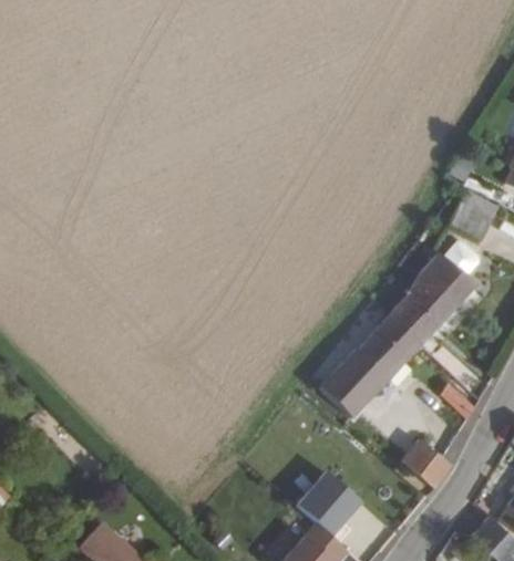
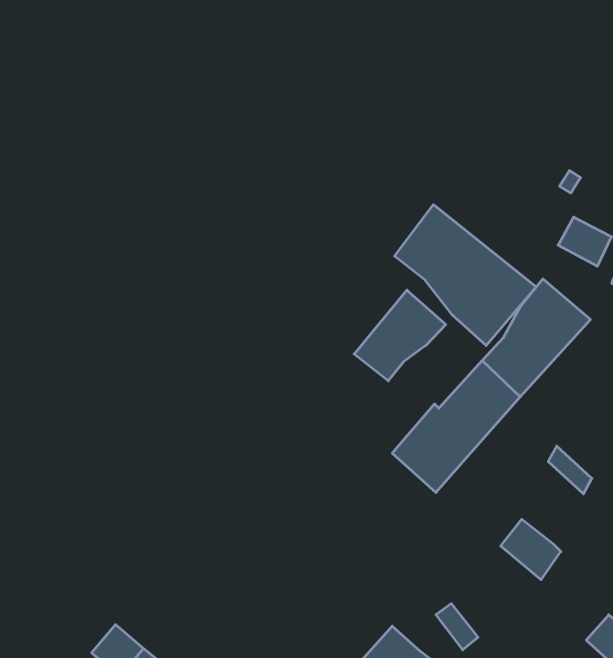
building: none -> [395,205,536,346]
building: none -> [354,290,446,381]
building: [298,472,361,543] -> none

